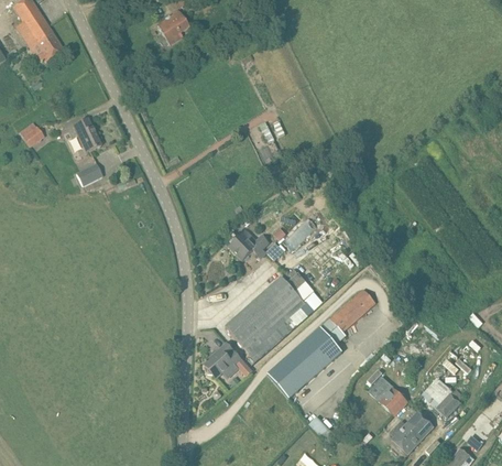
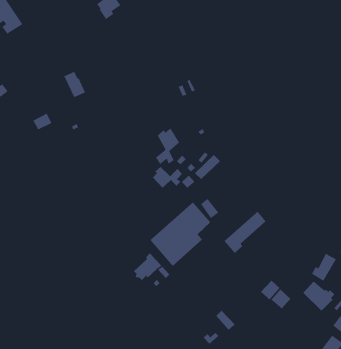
building: [73,118,101,152] -> [63,71,86,98]
building: none -> [155,127,180,165]
building: [268,327,342,398] -> none
building: [390,411,434,454] -> none

